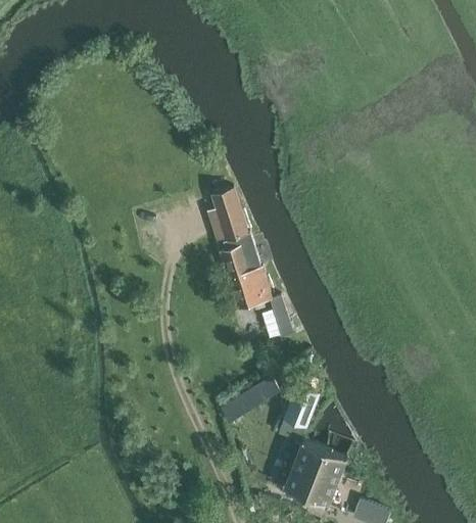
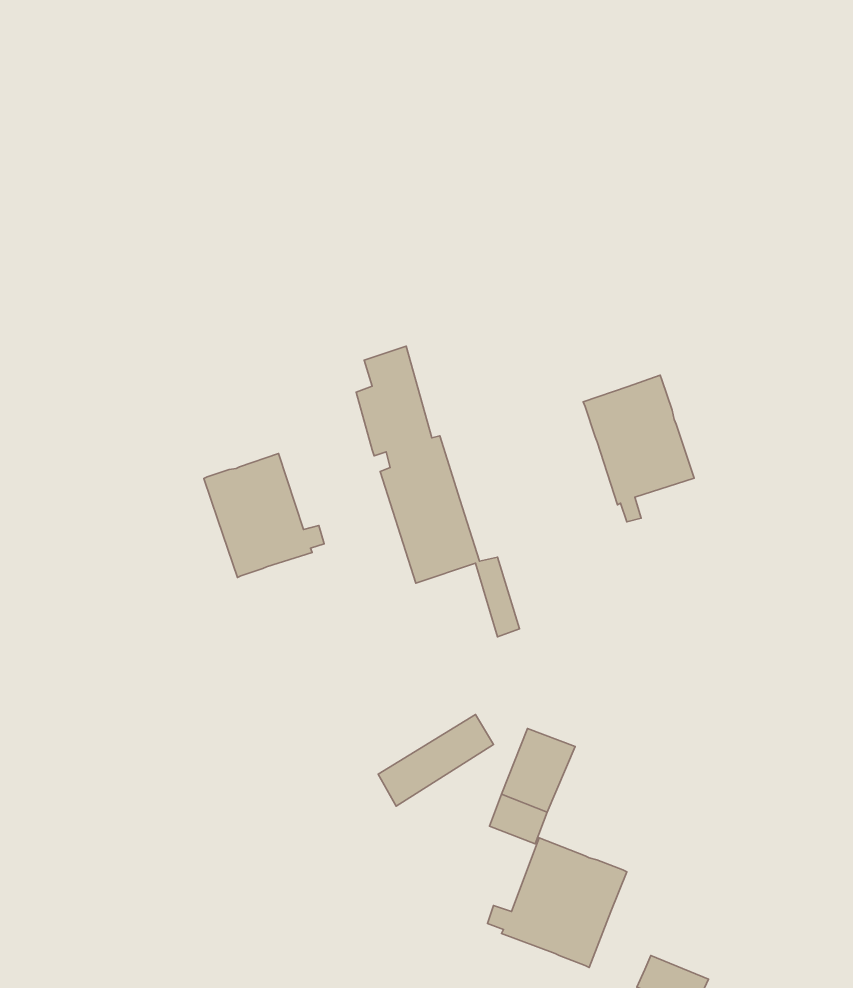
building: none -> [583,375,694,522]
building: none -> [204,453,324,577]

